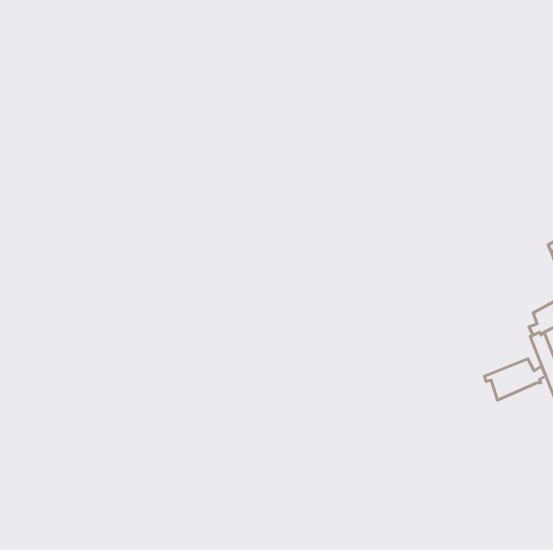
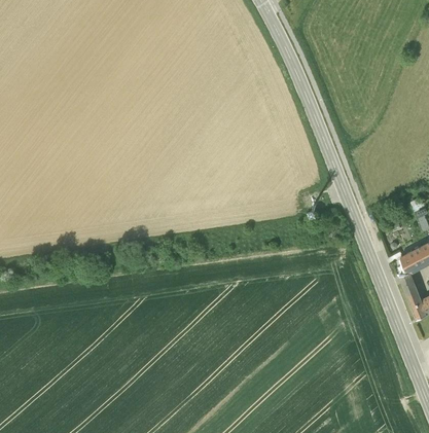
building: [485,359,546,400] -> none

